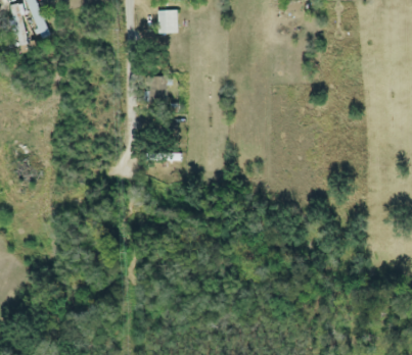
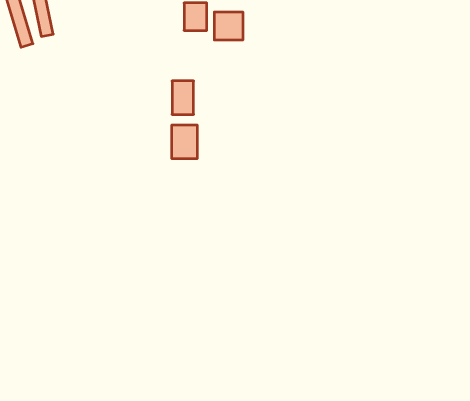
building: none -> [214,12,243,40]
building: none -> [172,125,197,159]

